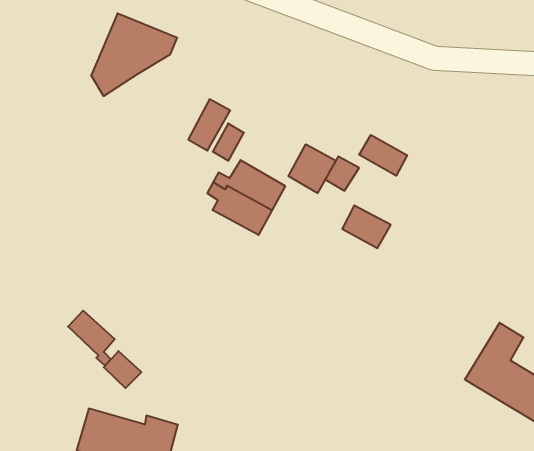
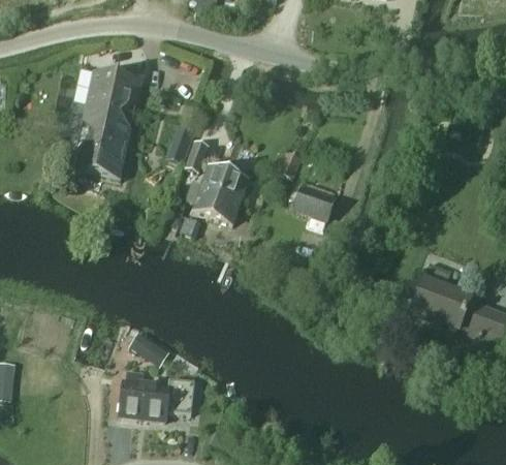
building: none -> [70,114,131,179]
building: [359,135,407,176] -> none
building: [288,144,336,193] -> none
building: [68,311,115,366] -> none

